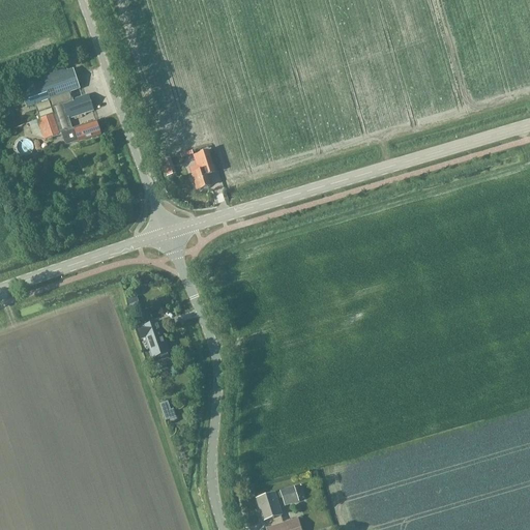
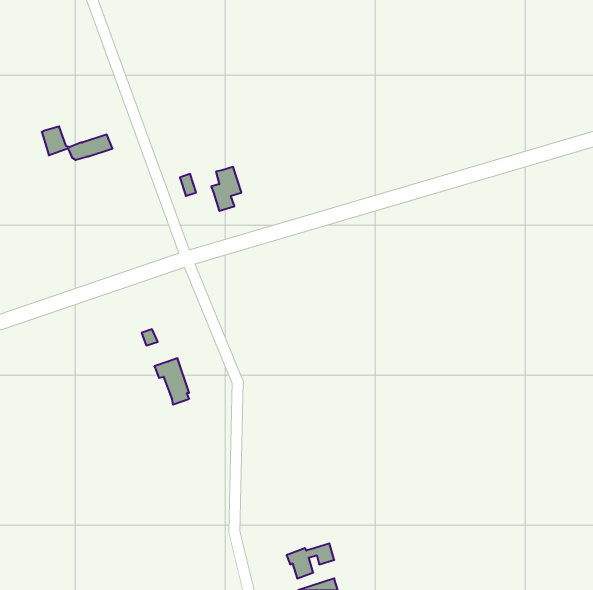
building: [20,64,80,106] -> none
building: [62,93,93,117] -> none

